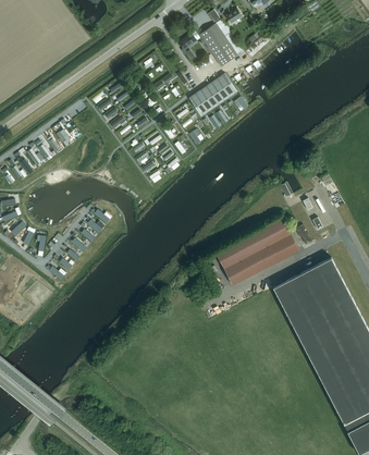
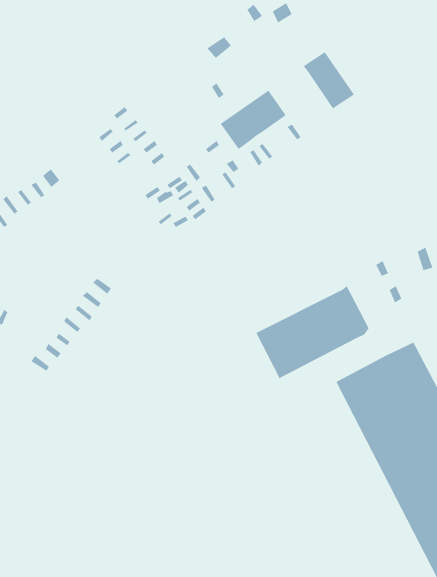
building: [199,24,237,66] -> [303,51,355,109]

